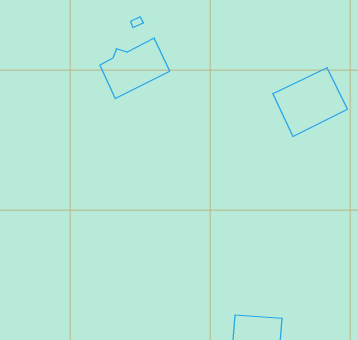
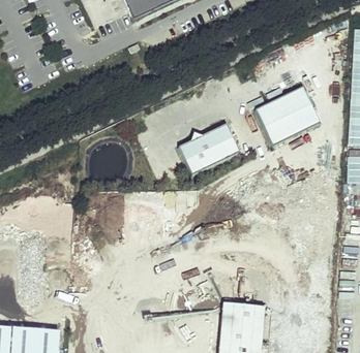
building: [100,38,170,98] -> [180,124,241,176]

